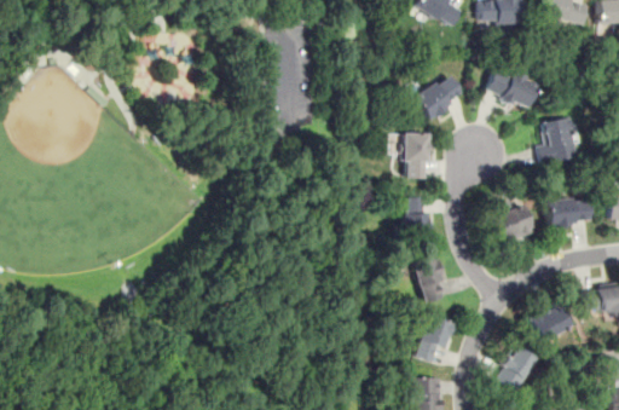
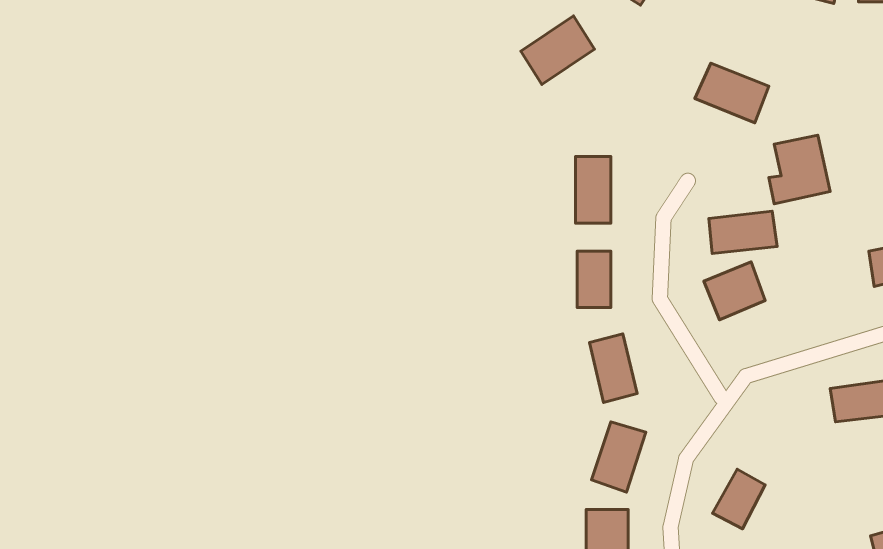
building: [415,73,465,120] -> [521,16,595,84]
building: [548,198,595,227] -> [709,211,777,254]
building: [530,302,574,345] -> none

